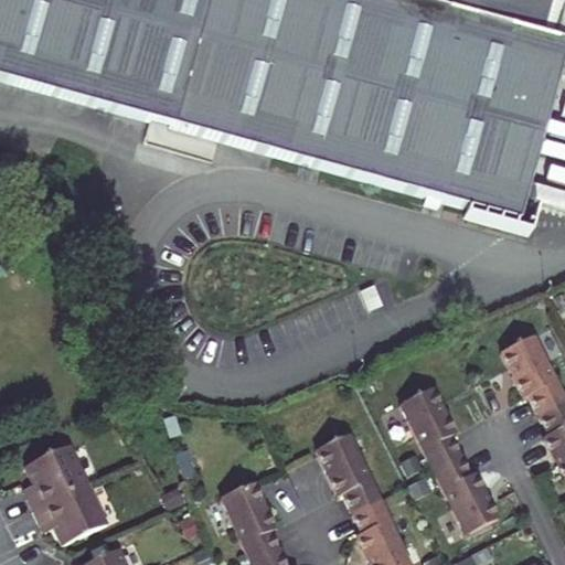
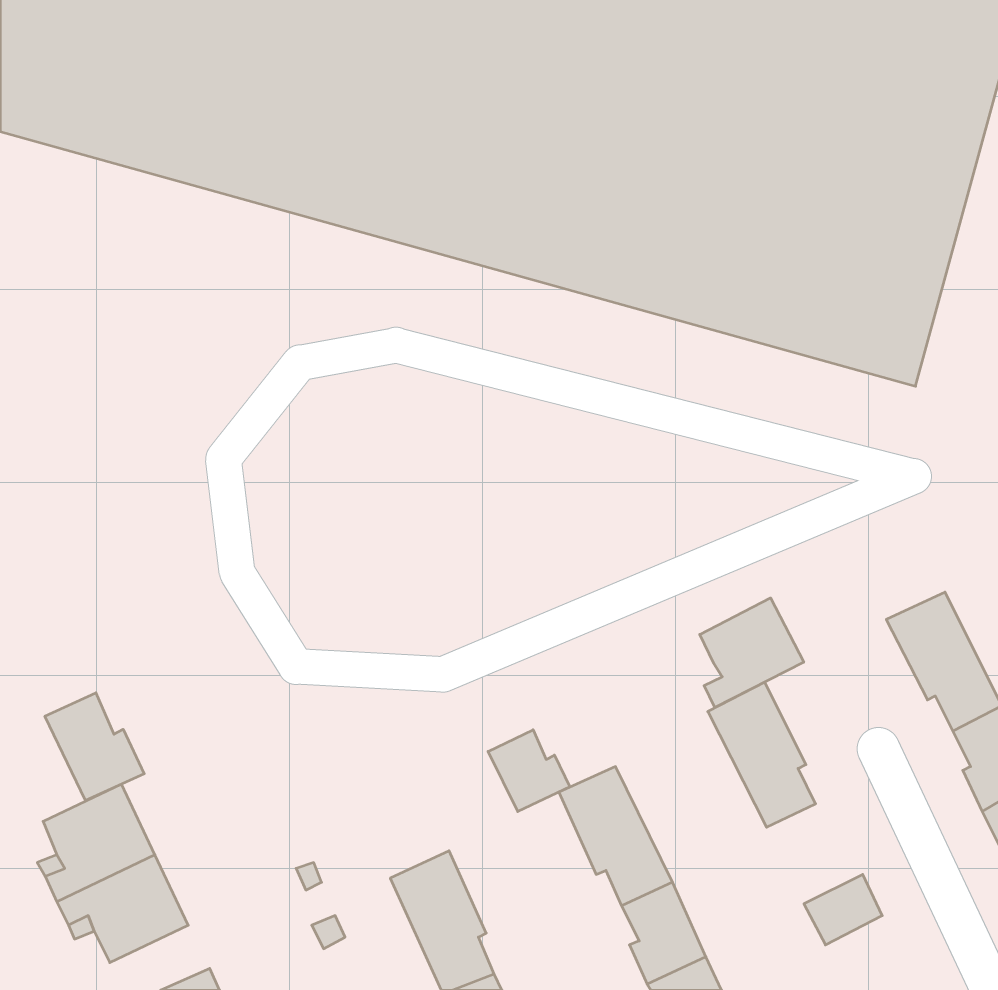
building: none -> [700,598,804,708]
building: none -> [45,693,144,801]
building: none -> [488,730,570,812]
building: [434,452,488,509] -> none

